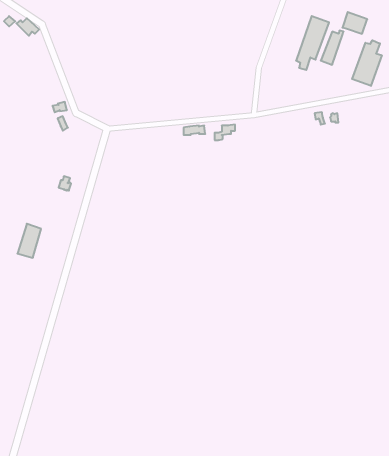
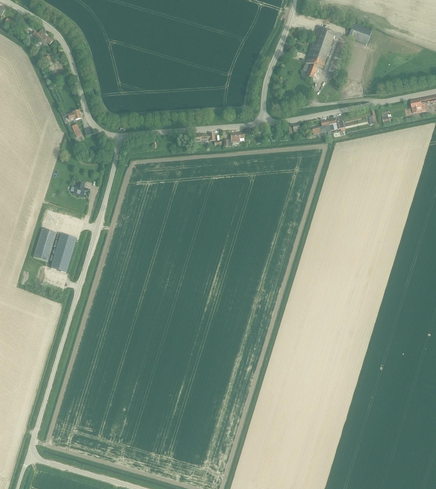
building: [352,40,382,86] -> none
building: none -> [50,233,76,271]

